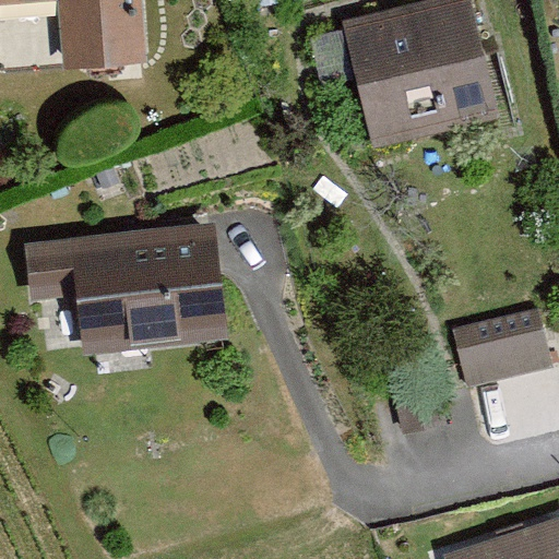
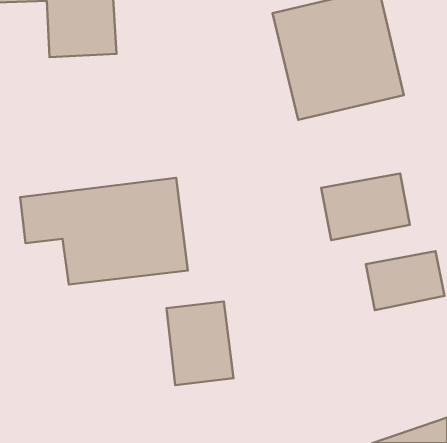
building: none -> [321,174,410,240]
building: none -> [166,301,233,385]

